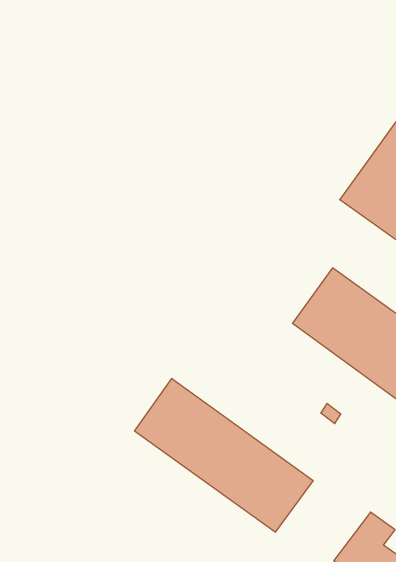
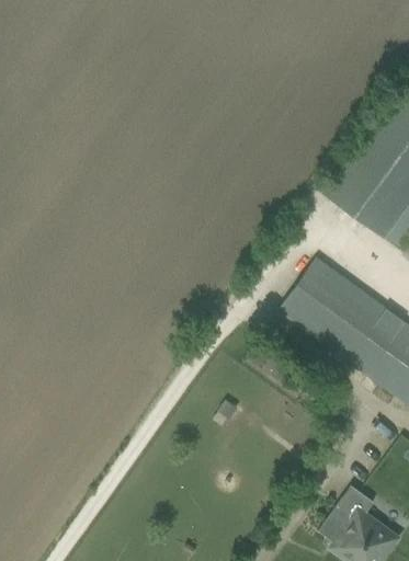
building: [135,378,313,532] -> none

